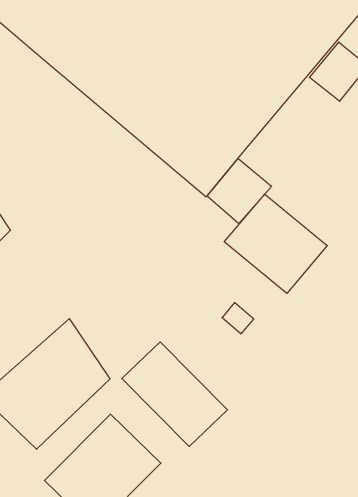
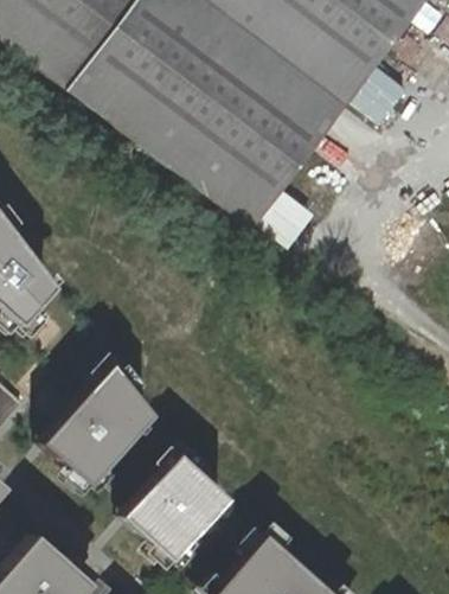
building: [224,194,327,293] -> none
building: [122,342,228,446] -> none

